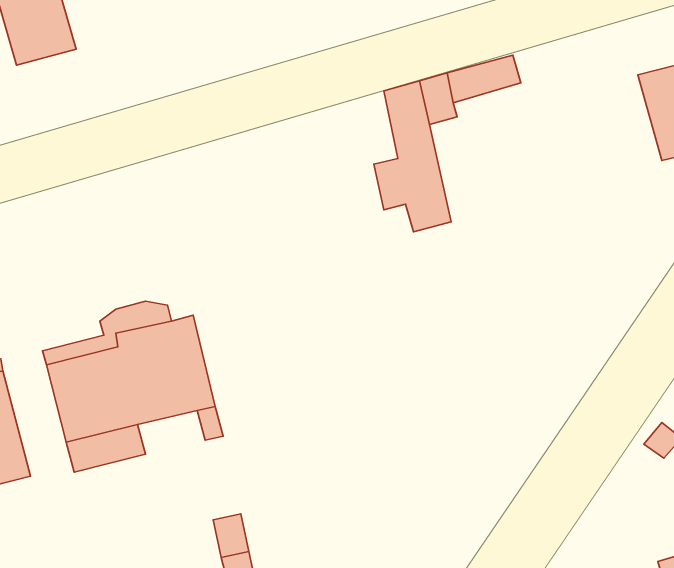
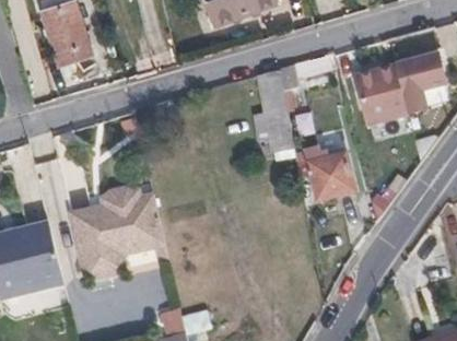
building: none -> [356,64,409,122]
building: none -> [302,146,352,198]

